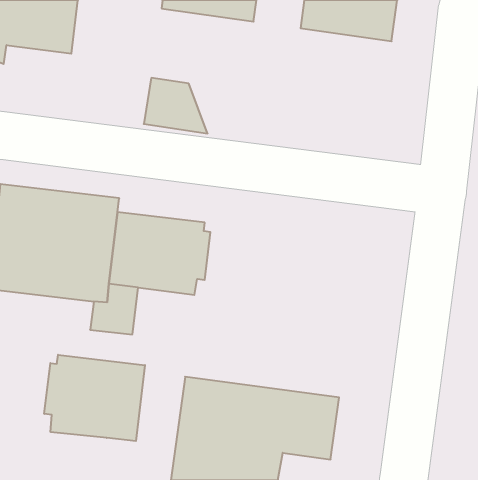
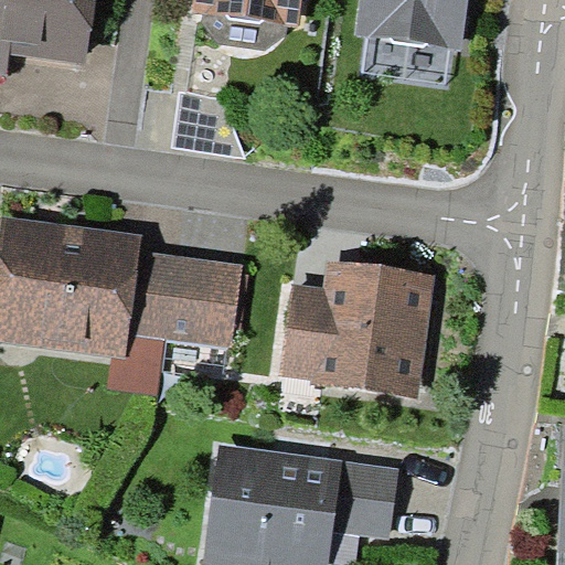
building: none -> [277,258,435,396]
building: [44,355,145,441] -> none

